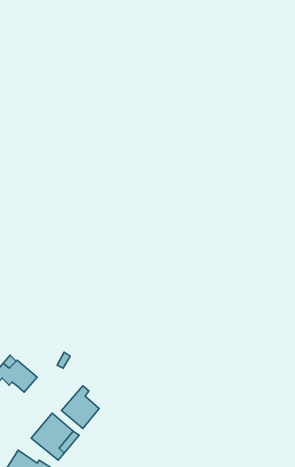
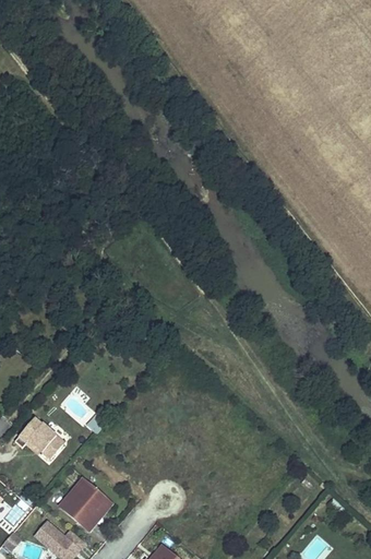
building: [62,386,99,428] -> none

